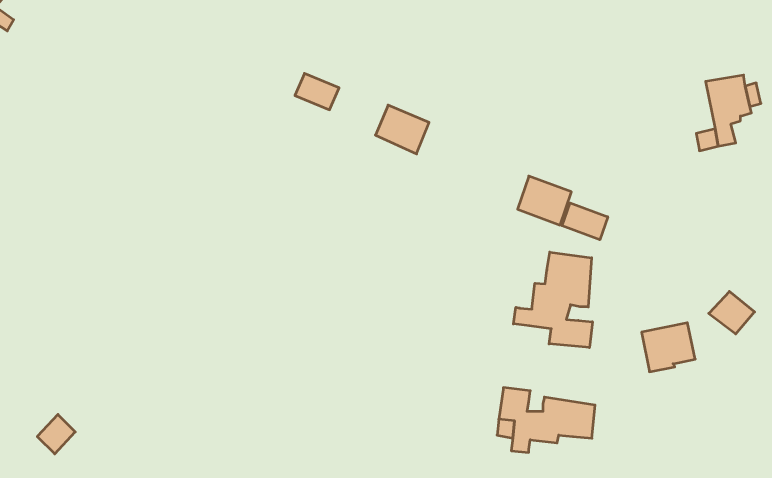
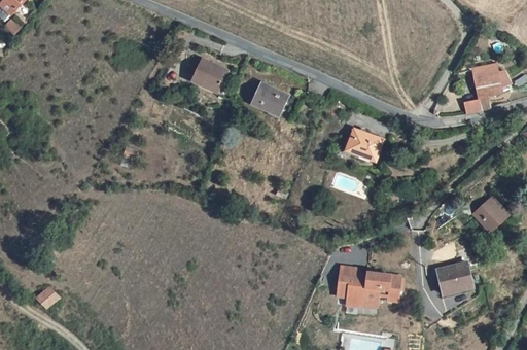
building: [562,203,608,240] -> none
building: [513,252,592,348] -> none
building: [642,323,695,372] -> [434,262,469,294]

